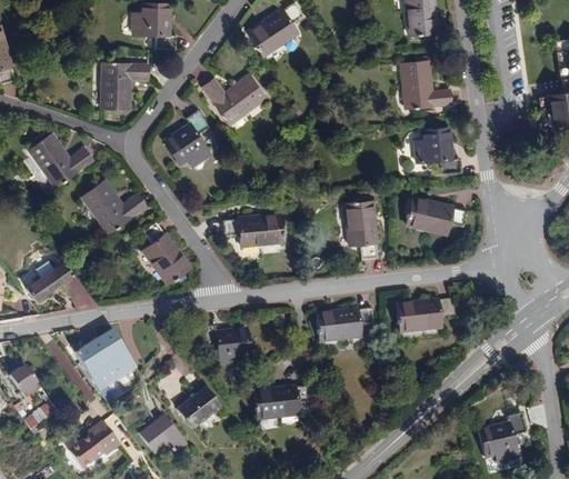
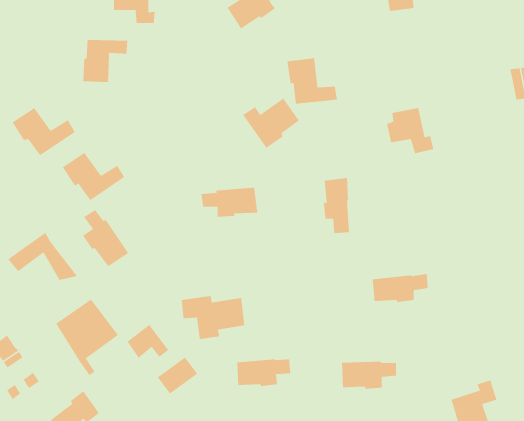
building: [400,61,452,109] -> [286,57,338,104]
building: [204,72,263,124] -> [242,97,300,149]
building: [162,110,208,167] -> none
building: [405,200,465,239] -> none
building: [141,220,189,279] -> [82,209,129,267]
building: [315,313,371,342] -> [341,361,397,389]
building: [134,407,178,442] -> [126,324,169,359]

